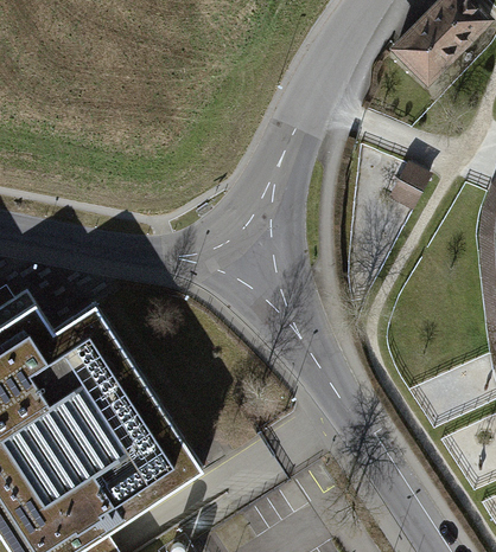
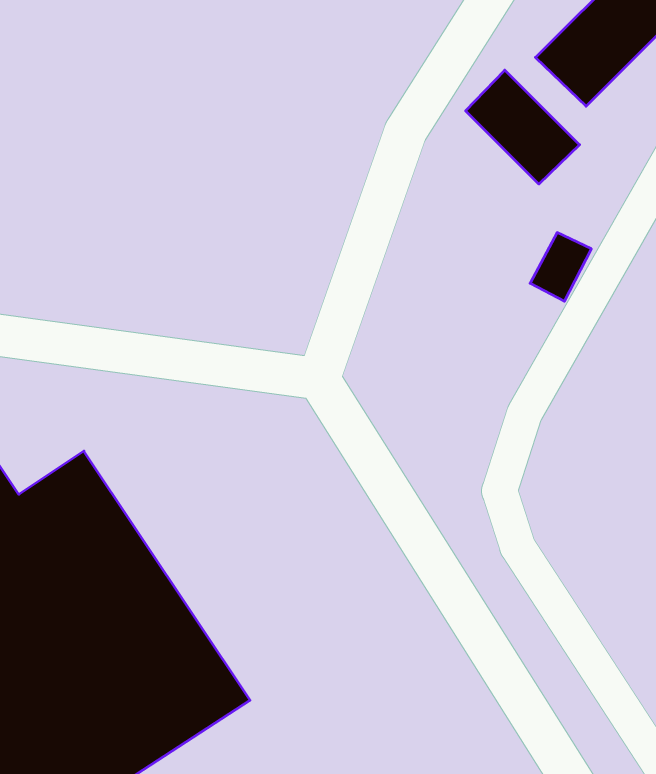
building: none -> [466,70,580,184]

